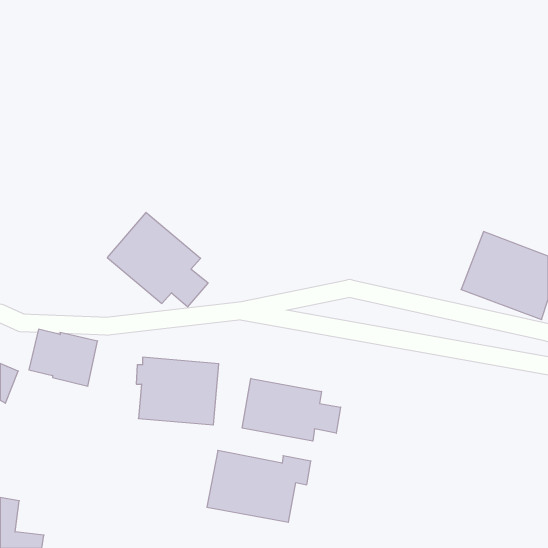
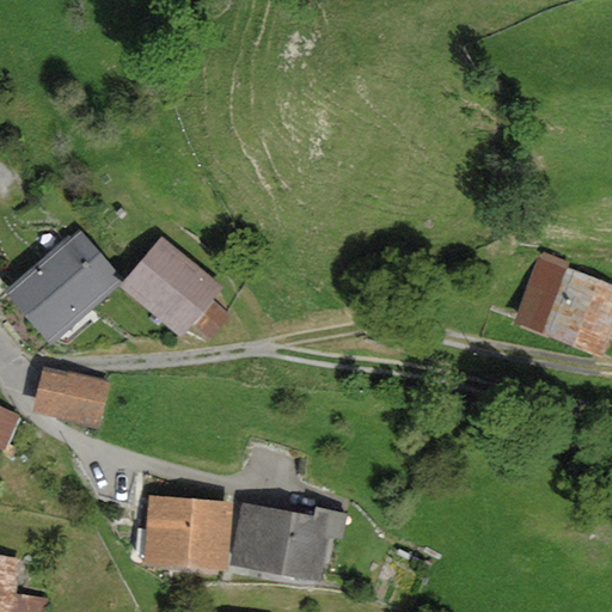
building: none -> [5,230,121,344]
building: [136,357,219,425] -> [141,495,233,570]
building: [242,378,341,441] -> none

